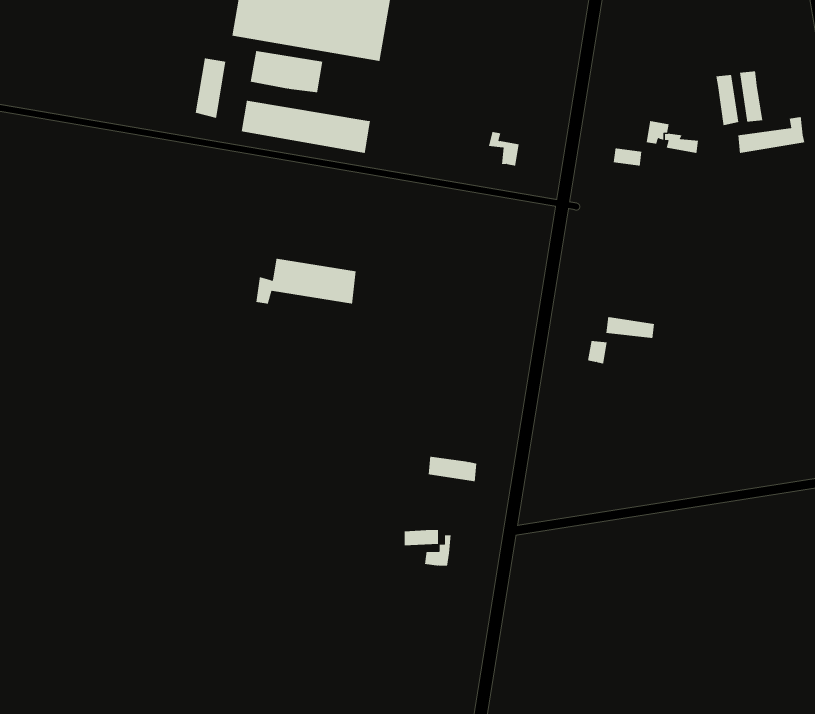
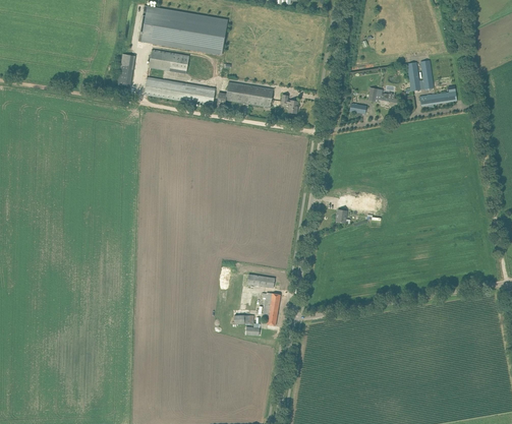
building: [256,258,356,304] -> [217,81,273,107]
building: none -> [263,292,281,325]

